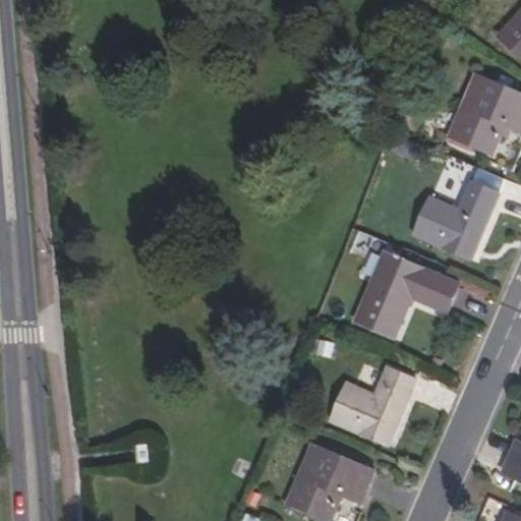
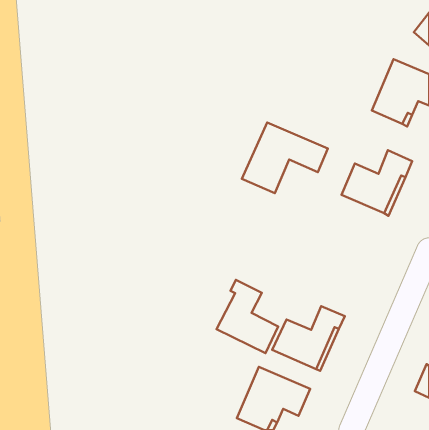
building: [356,250,460,336] -> [242,122,328,193]
building: none -> [217,280,278,353]

